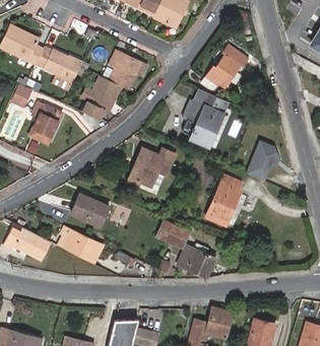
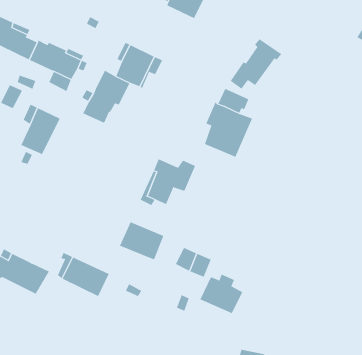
building: [246,141,278,181] -> none
building: [206,176,241,224] -> none
building: [71,194,109,226] -> [119,221,164,260]

